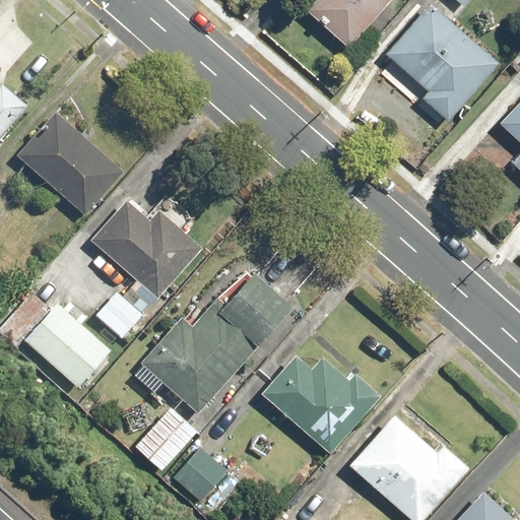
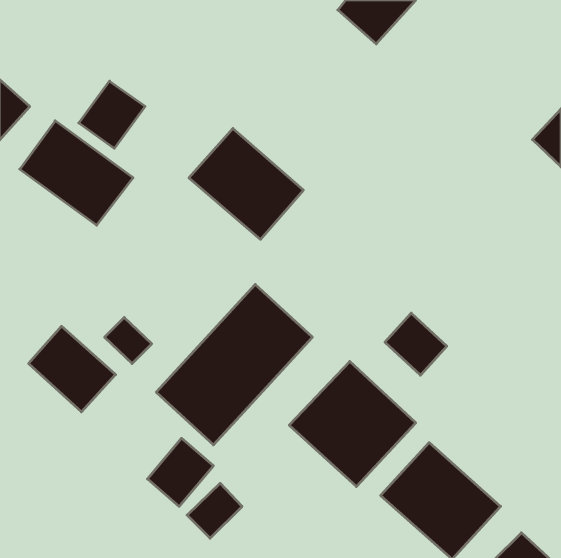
building: [385,8,498,118] -> none
building: none -> [79,81,145,148]
building: [90,195,196,298] -> [189,128,303,239]
building: none -> [385,313,447,375]

